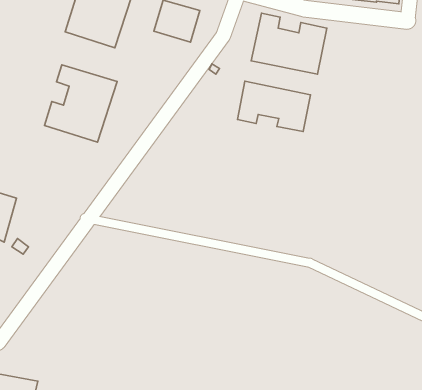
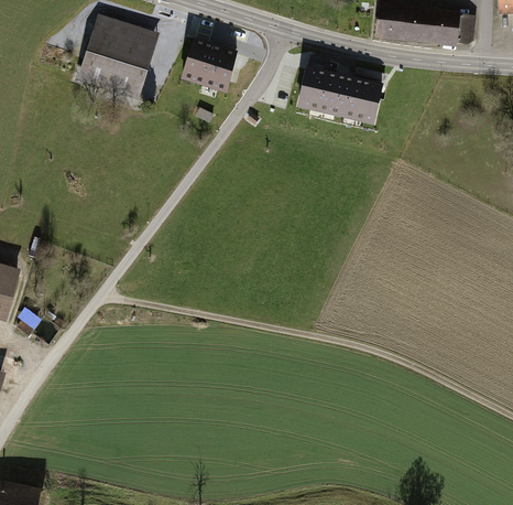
building: [45,65,117,142] -> none
building: [237,81,311,132] -> none

